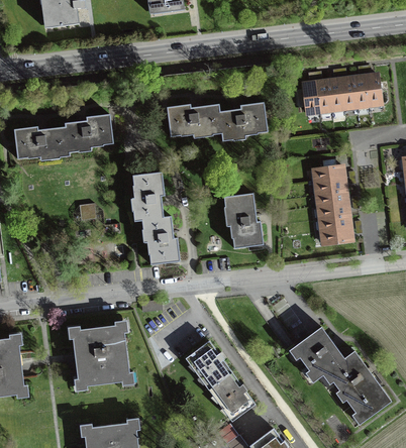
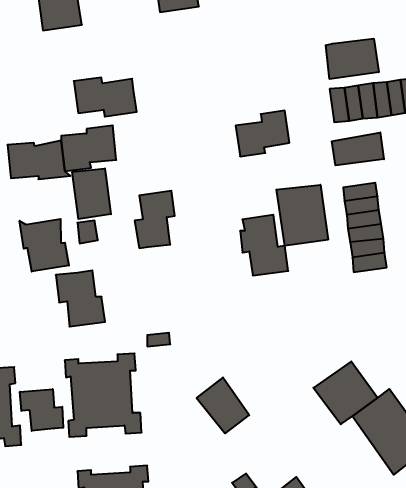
building: none -> [326,39,379,79]
building: [166,105,221,139] -> [74,78,137,117]
building: none -> [332,132,384,165]
building: none -> [72,168,111,219]
building: none -> [276,185,328,246]
building: none -> [20,219,69,272]
building: [141,219,185,268] -> [56,270,105,327]
building: none -> [20,389,63,431]
building: [209,371,255,420] -> none

